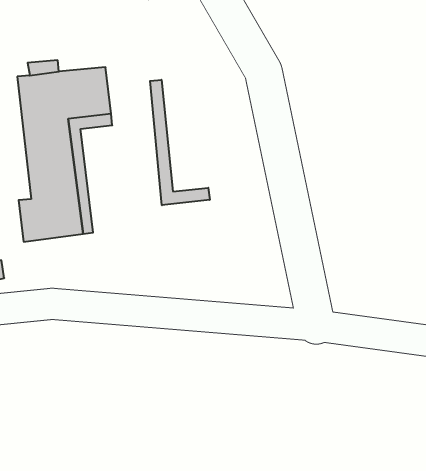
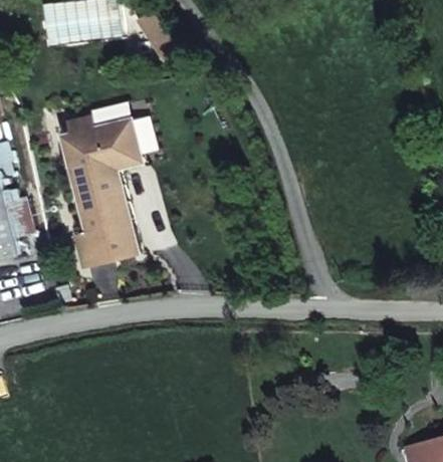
building: [150,80,210,205] -> none

